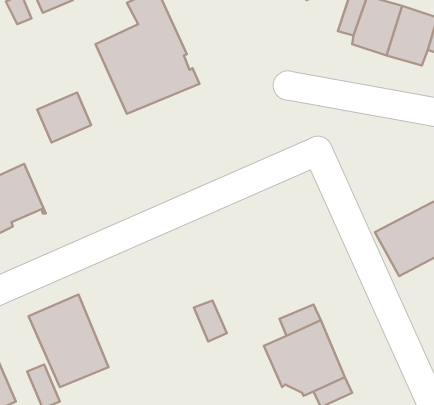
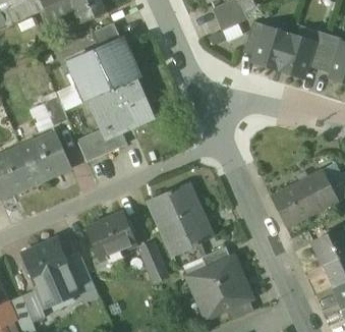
building: none -> [77,90,158,162]
building: none -> [19,131,70,182]
building: none -> [155,183,211,257]
building: none -> [85,211,136,258]

